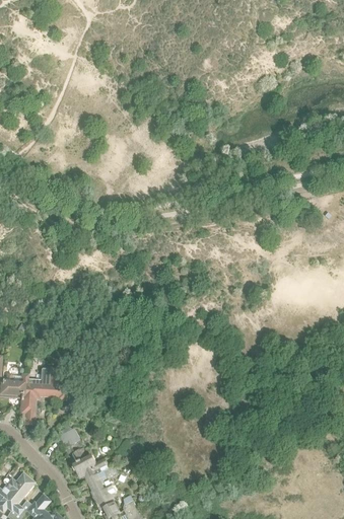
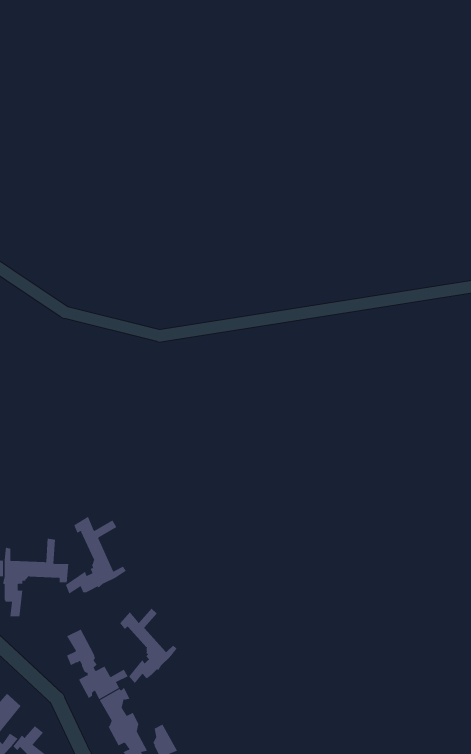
building: none -> [65,516,127,594]
building: none -> [120,608,178,684]

